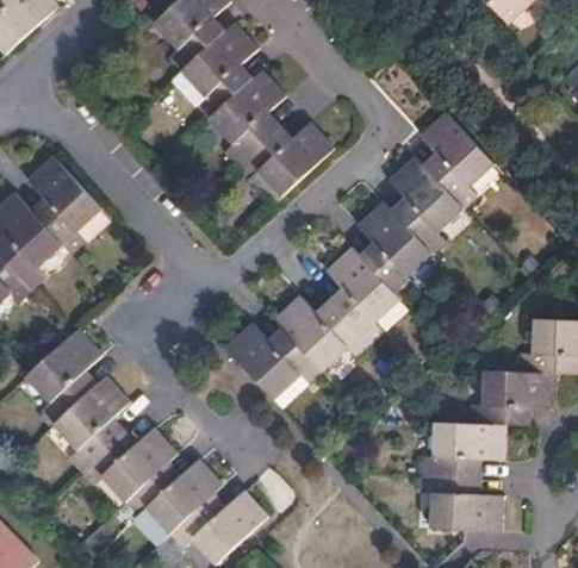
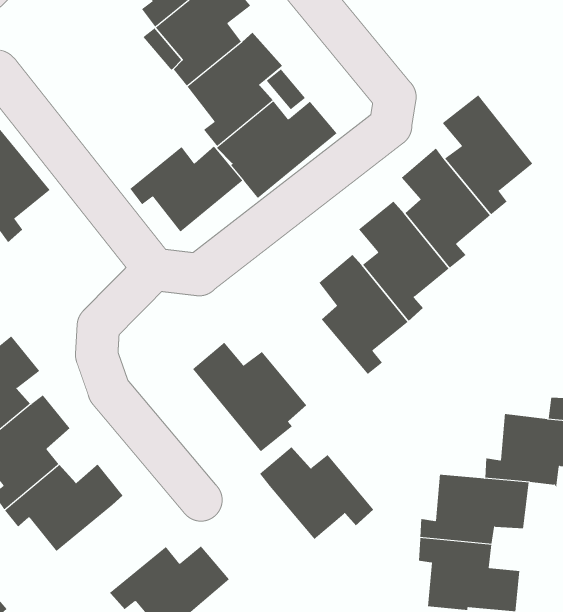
building: none -> [130,145,243,233]
building: [274,295,369,370] -> [259,446,374,540]
building: [124,458,222,532] -> none

